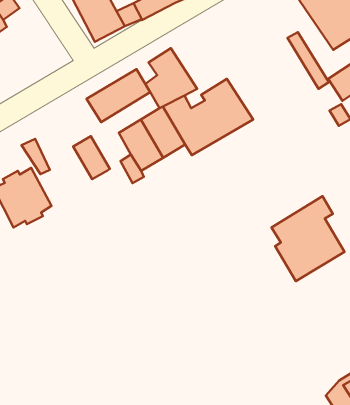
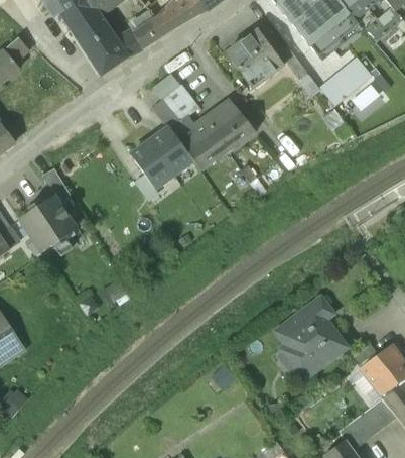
building: none -> [227,30,283,88]
building: [87,69,150,122] -> none
building: [73,136,110,179] -> none
building: [271,196,344,281] -> [276,298,346,378]

